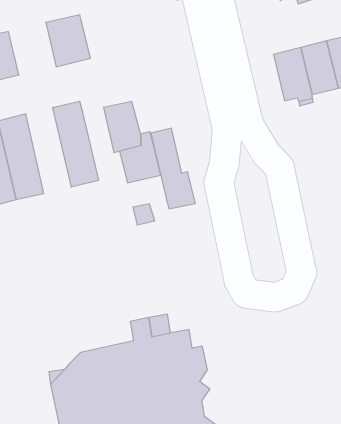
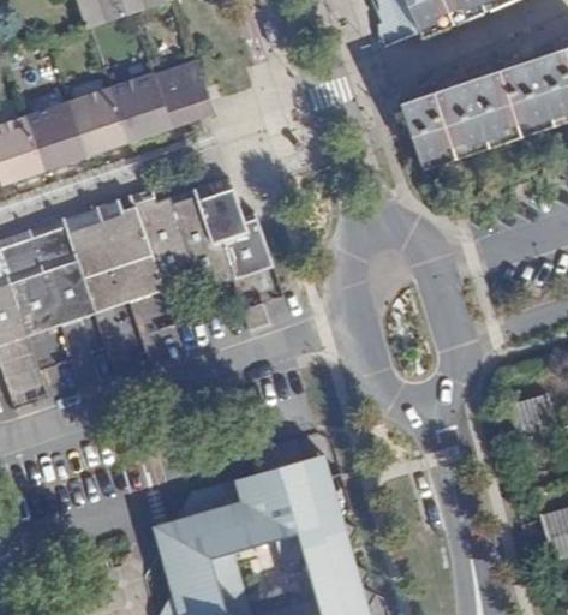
building: none -> [154,61,214,129]
building: none -> [66,89,130,157]
building: none -> [97,195,162,303]
building: [151,128,195,209] -> [168,189,232,289]

